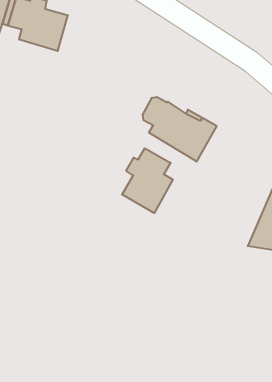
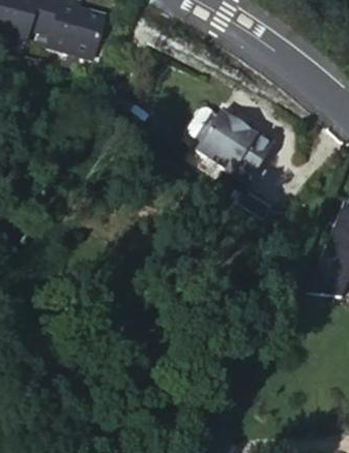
building: [122,148,173,213] -> none

